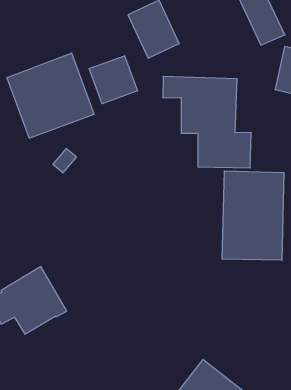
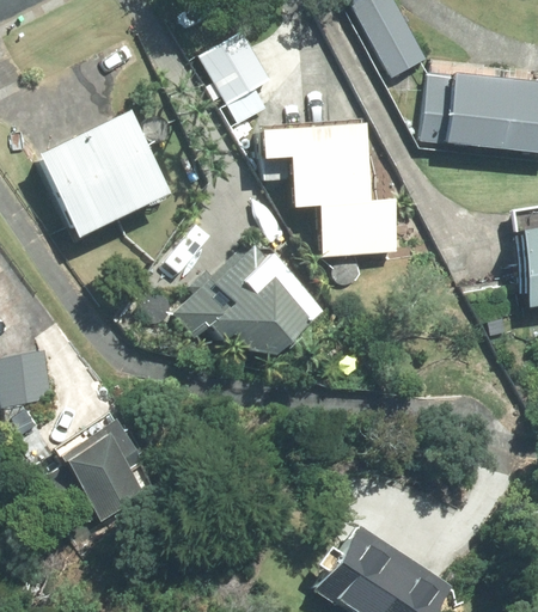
building: [89,56,138,104] -> none
building: none -> [172,240,308,357]
building: [222,171,284,260] -> none

